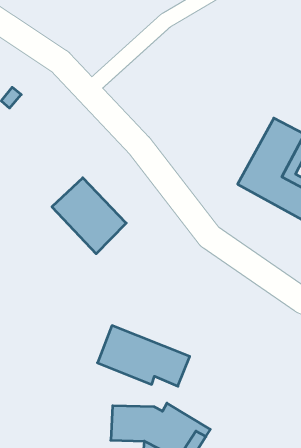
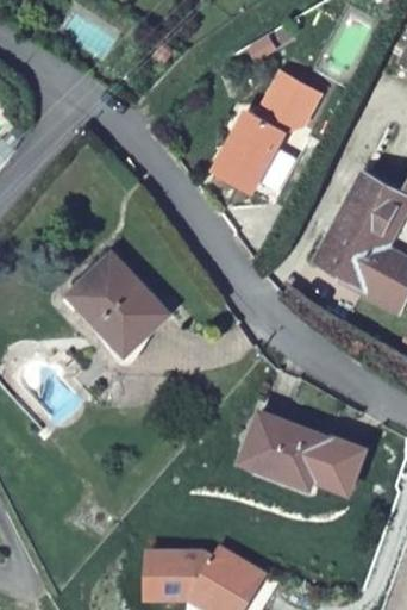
building: none -> [213,76,315,194]
building: [97,326,190,386] -> [237,412,358,492]

